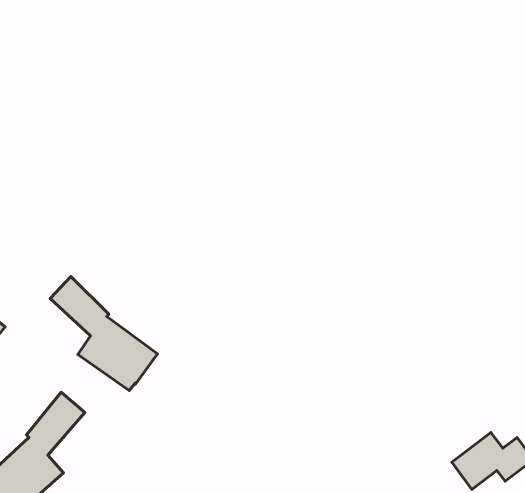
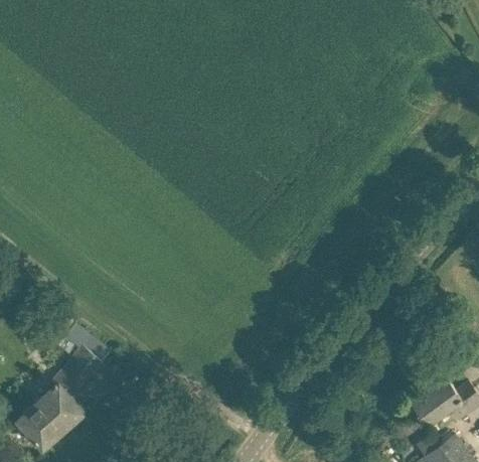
building: [50,277,157,391] -> none

